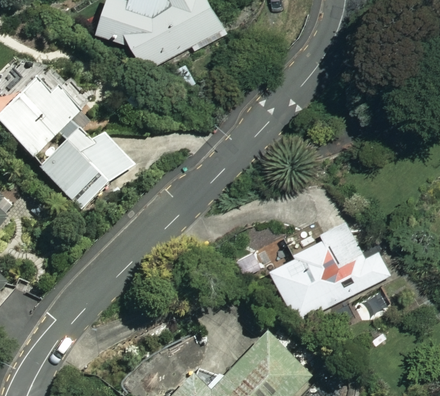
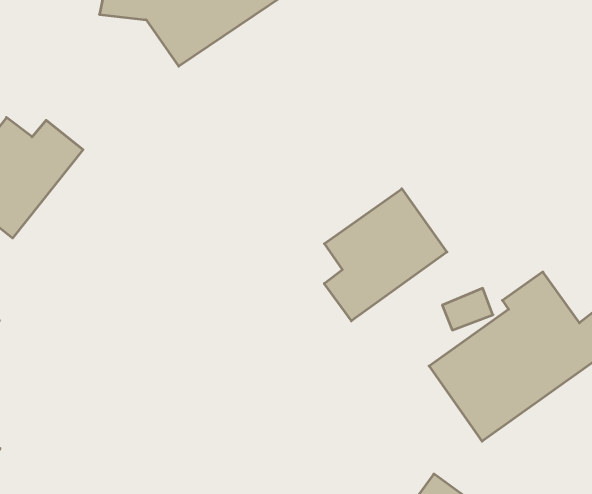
building: [39,128,132,211] -> none
building: none -> [324,189,447,321]

